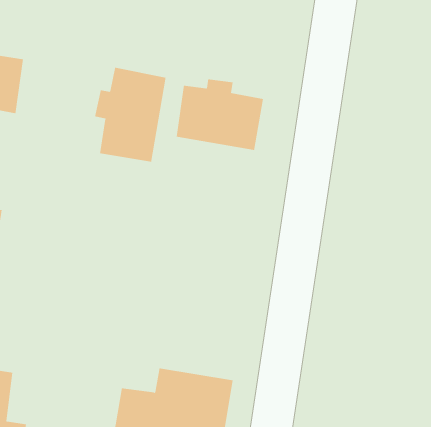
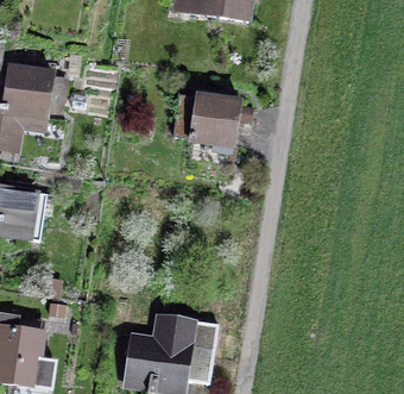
building: [94,67,166,163] -> none

